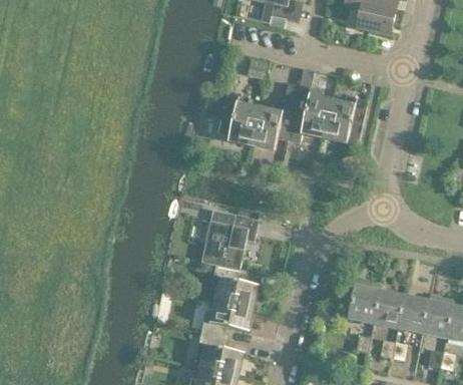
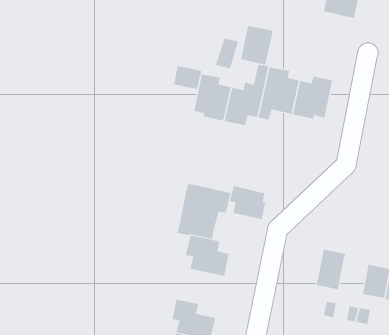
building: none -> [240,25,274,66]
building: none -> [174,65,202,90]
building: none -> [229,185,266,220]
building: [374,291,405,328] -> none
building: [201,301,254,338] -> none

